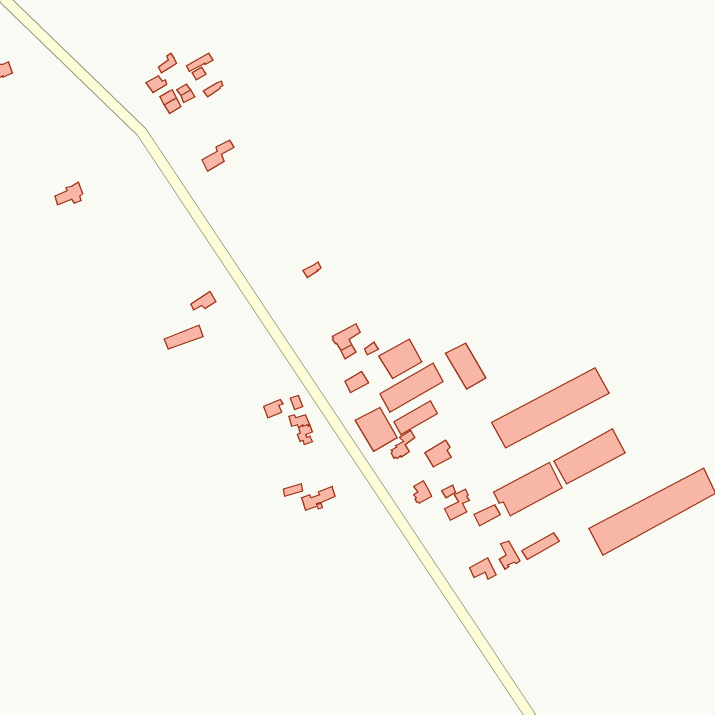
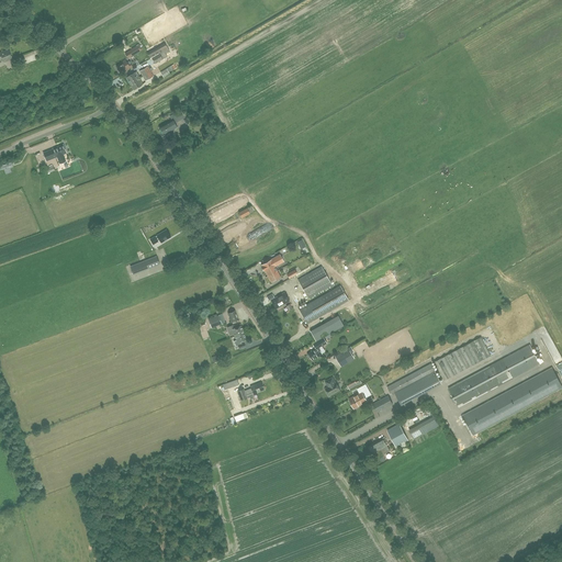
building: [445,343,486,389] -> none
building: [492,368,609,448] -> [447,344,539,406]
building: [355,407,397,451] -> none

